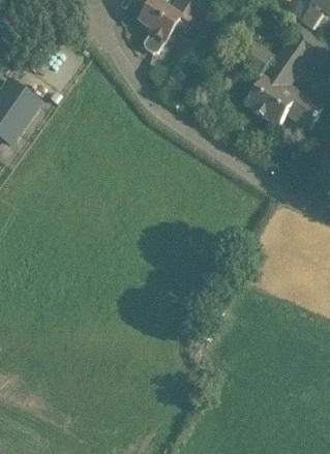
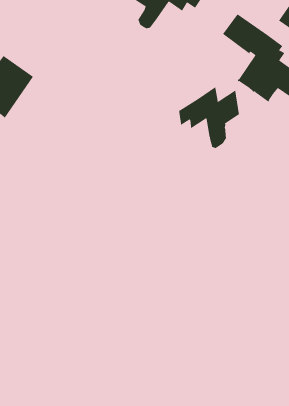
building: none -> [178,86,240,149]

